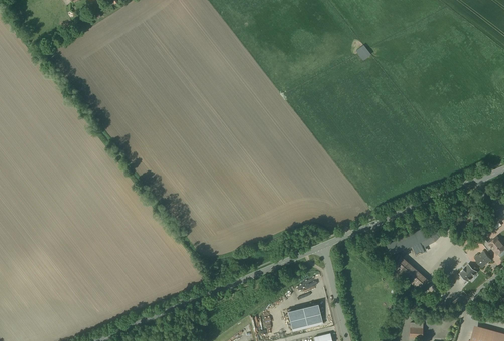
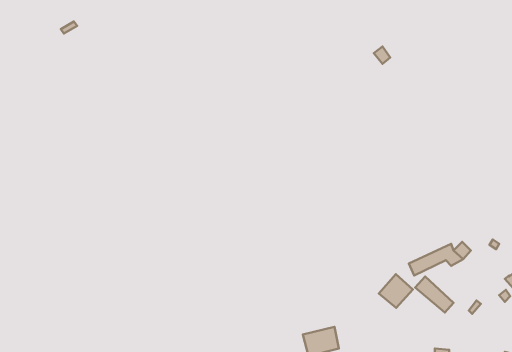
building: none -> [379,274,413,308]

